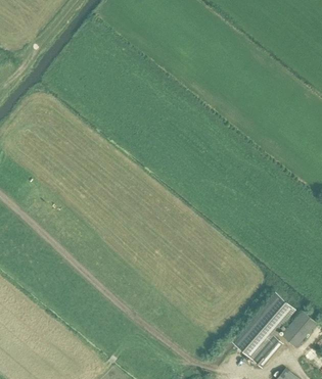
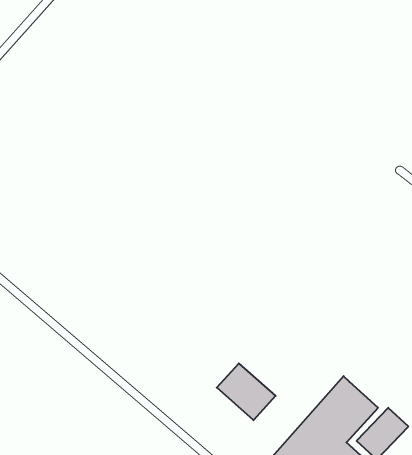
building: none -> [217,363,276,420]

